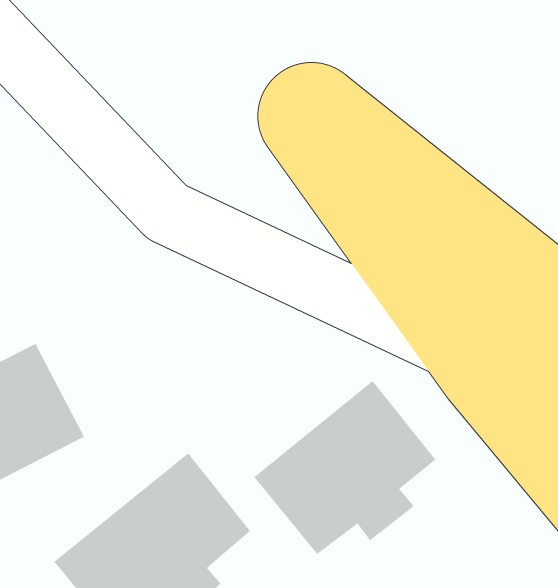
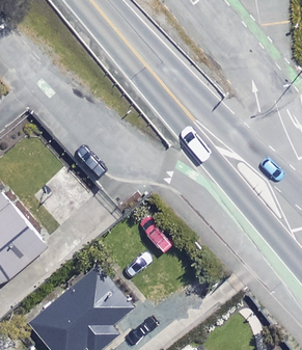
building: [253,380,436,555] -> none

